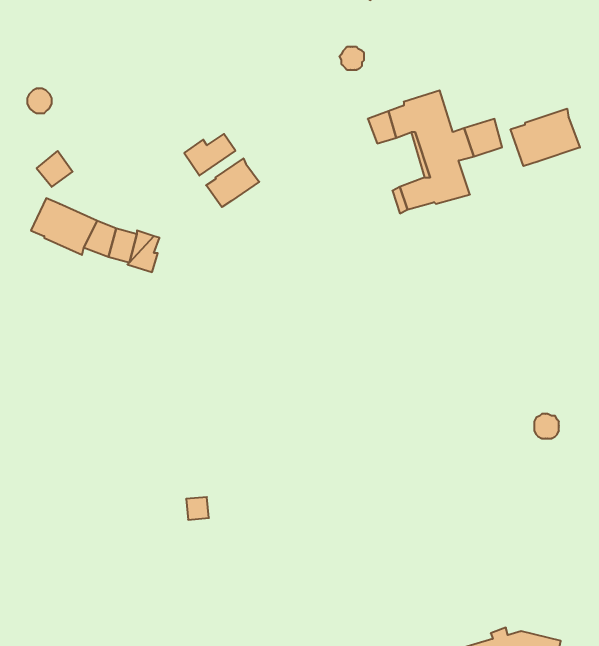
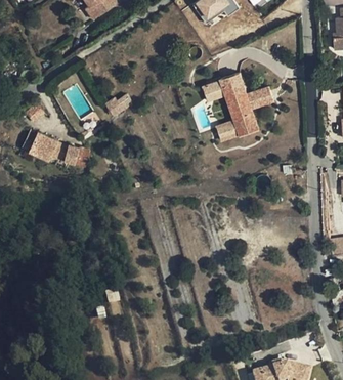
building: [511,109,580,166] -> none
building: [206,158,259,207] -> none

